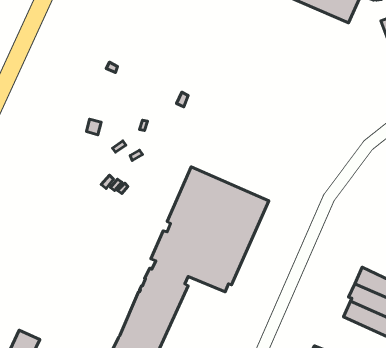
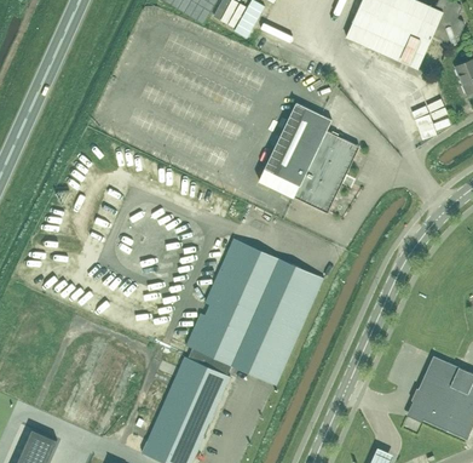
building: none -> [259,103,359,213]

